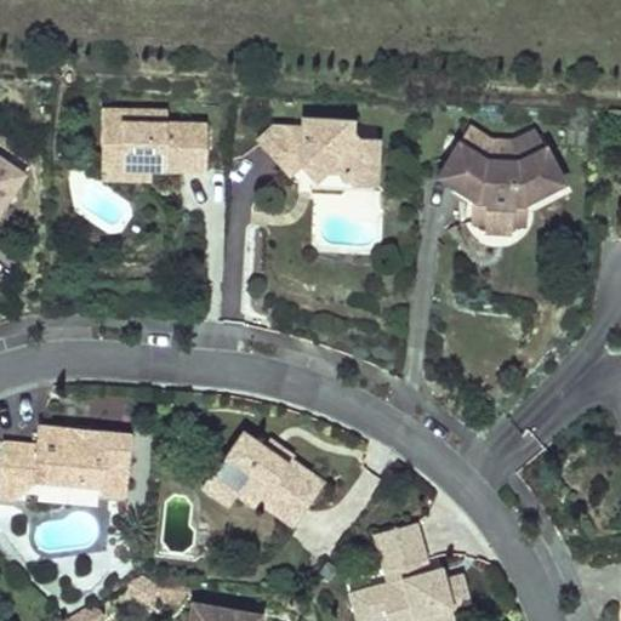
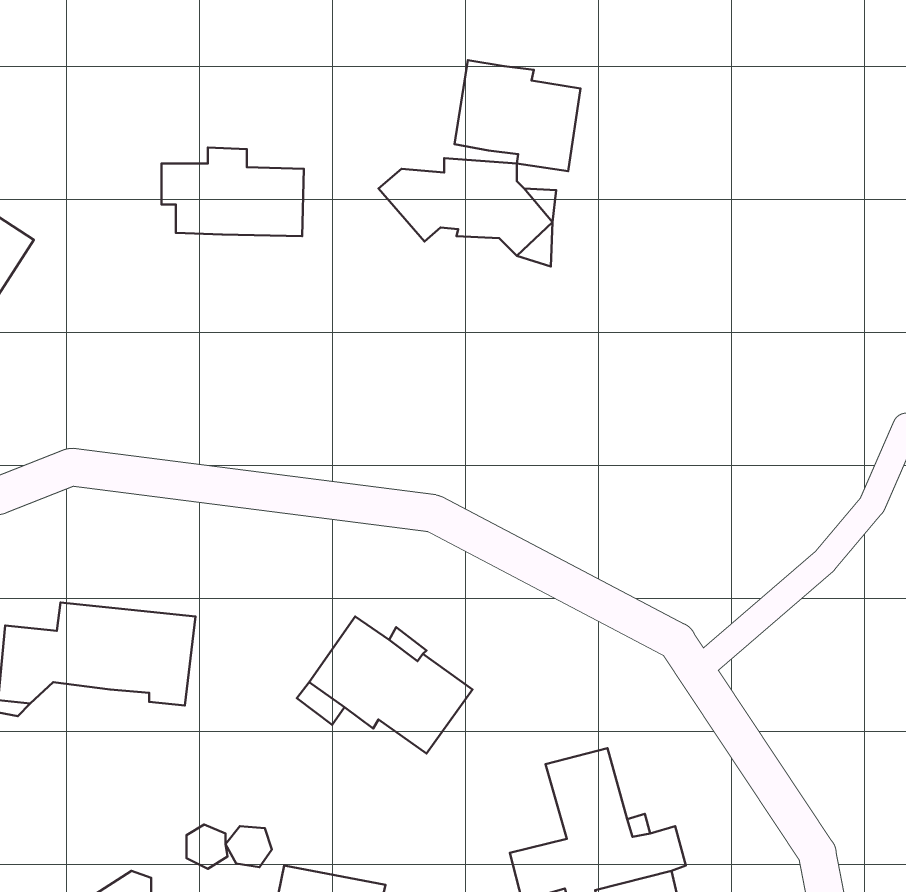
building: none -> [454,60,580,171]
building: [102,110,152,181] -> none
building: [439,126,564,233] -> none

